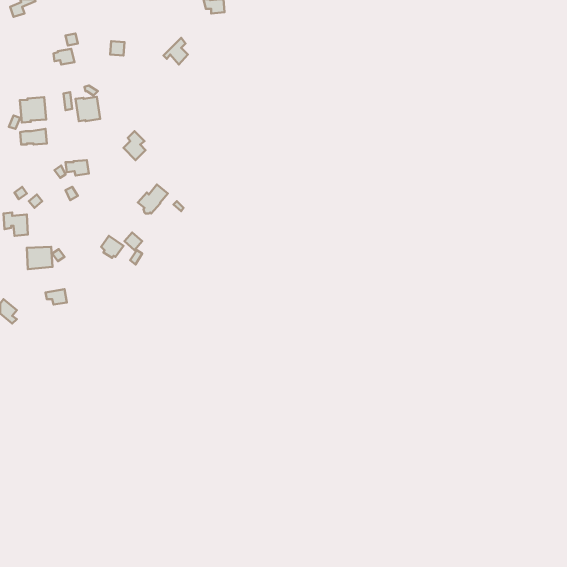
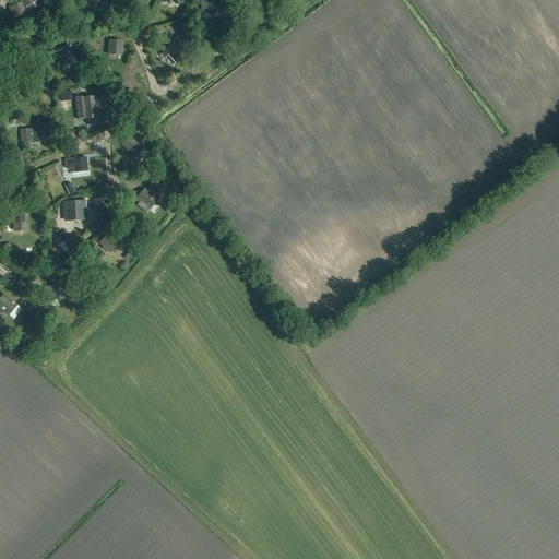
building: [20,97,46,122] -> none
building: [27,247,52,269] -> [63,200,88,222]

